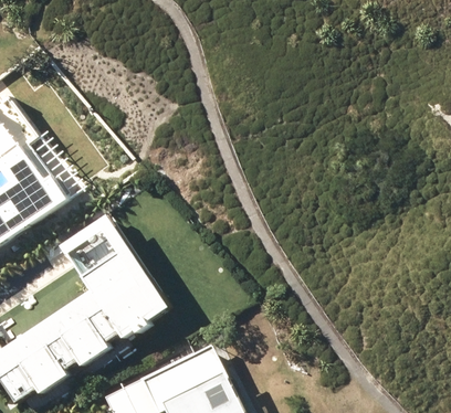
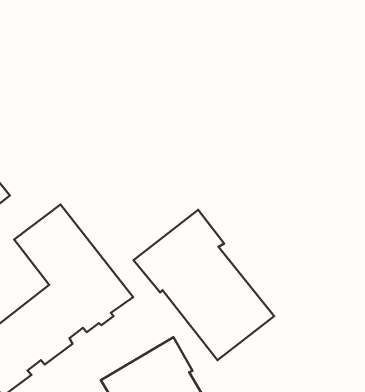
building: none -> [134,210,274,360]

